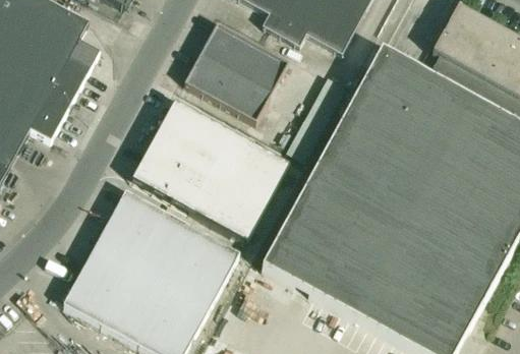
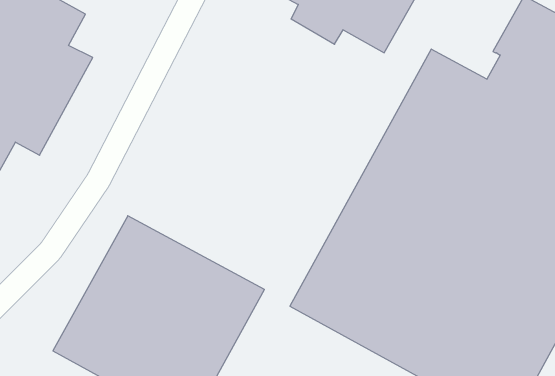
building: [183,21,288,120] -> none
building: [131,100,289,241] -> none

